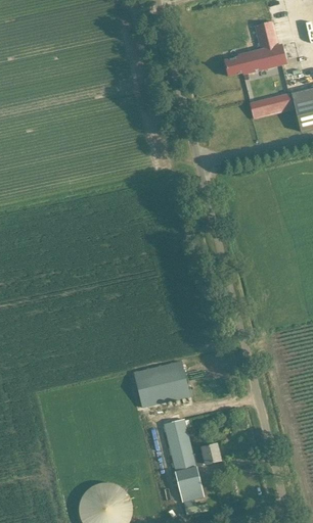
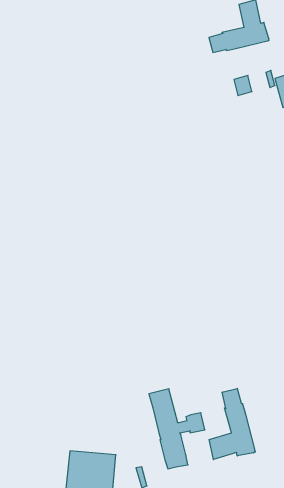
building: [131,359,189,408] -> none
building: none -> [209,388,255,460]

